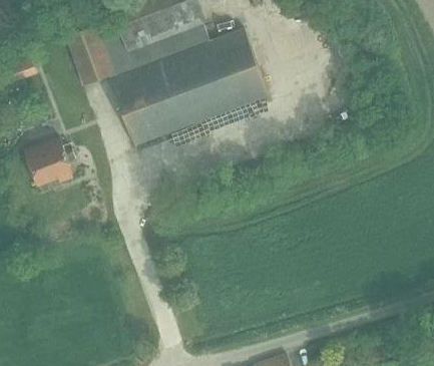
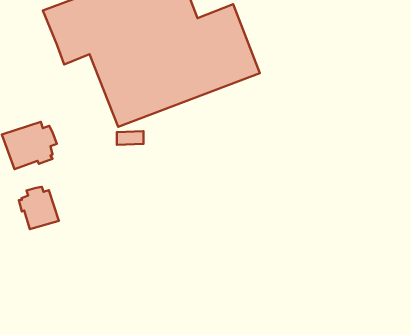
building: none -> [19,187,59,229]

